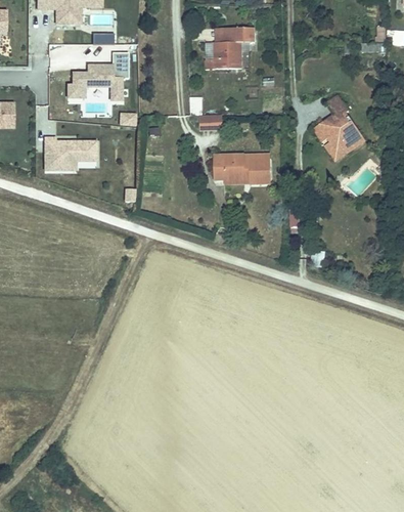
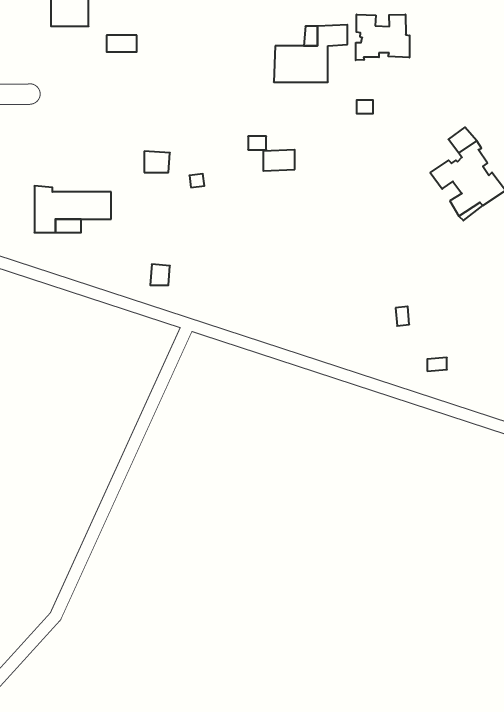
building: none -> [356,14,410,60]
building: [68,51,128,98] -> none
building: [214,154,269,182] -> none

